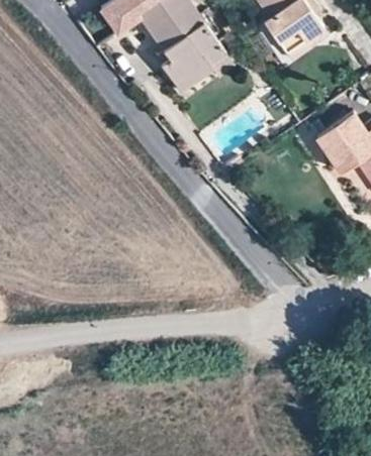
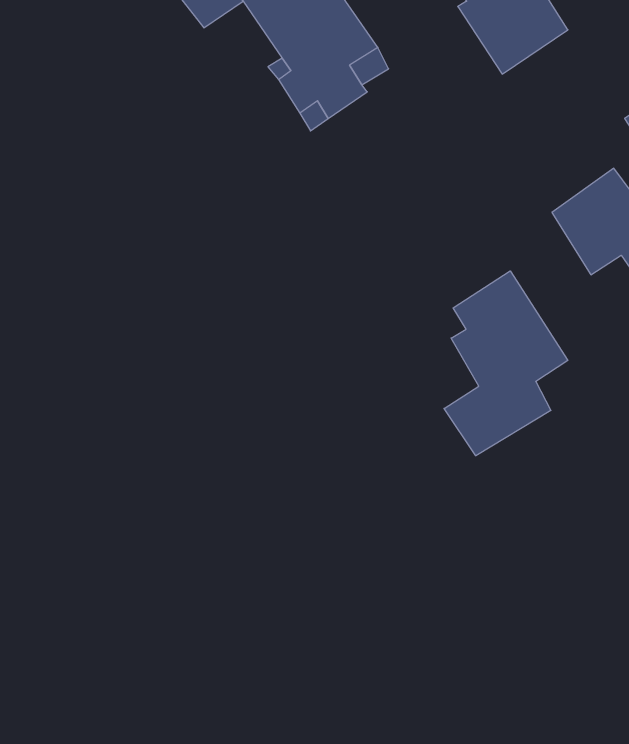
building: none -> [444,271,568,456]

